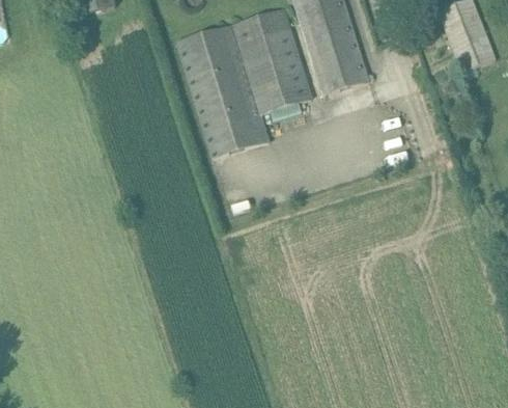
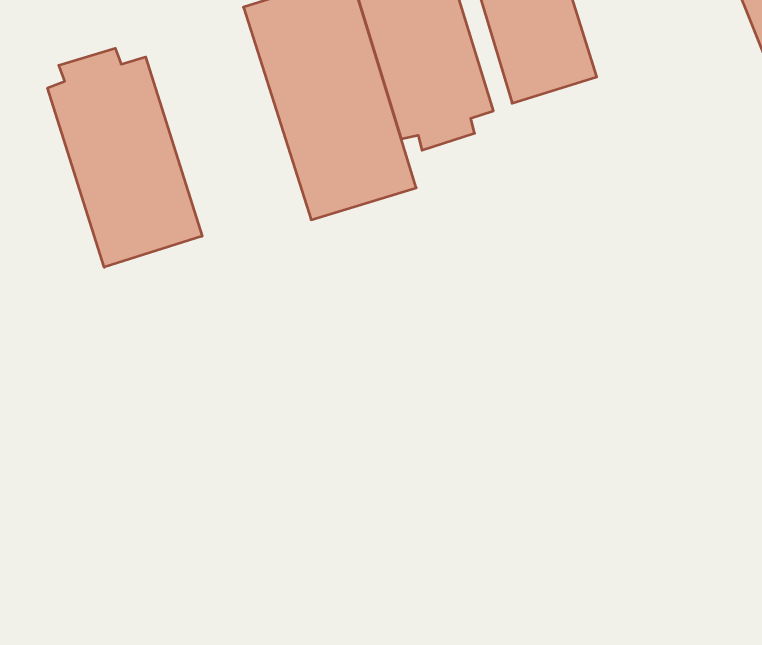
building: none -> [48,48,202,267]

